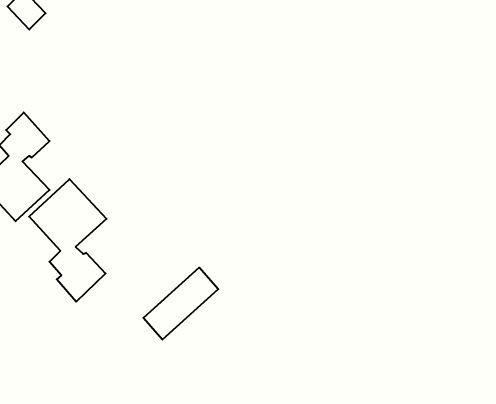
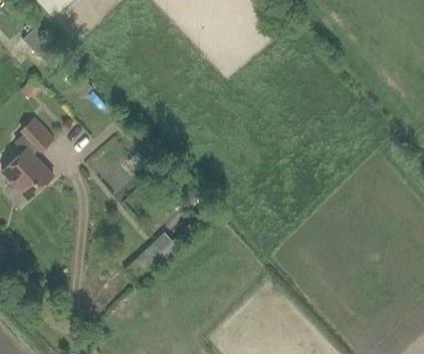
building: [29,179,107,302] -> none

